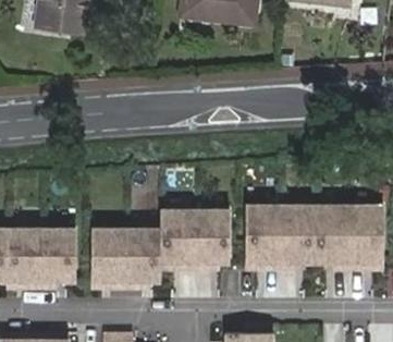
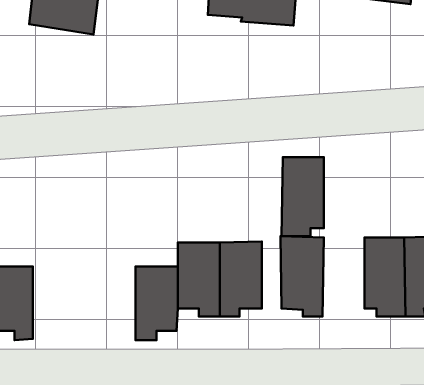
building: [280,204,315,269] -> [282,157,324,236]
building: [40,228,74,288] -> none
building: [91,228,125,289] -> none

